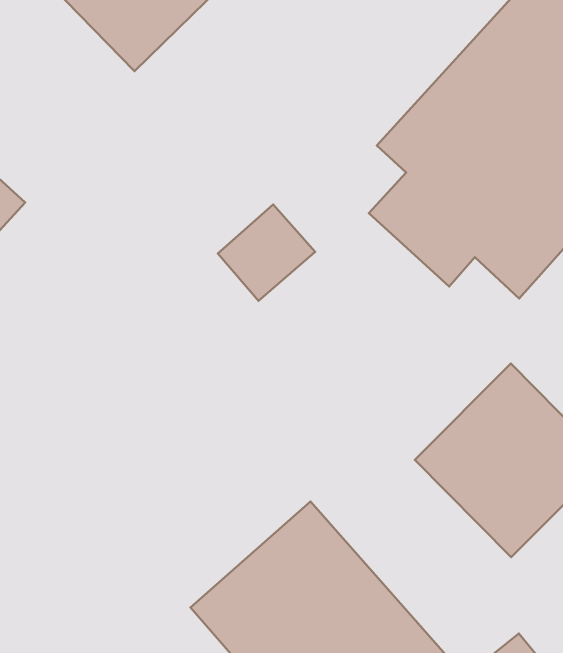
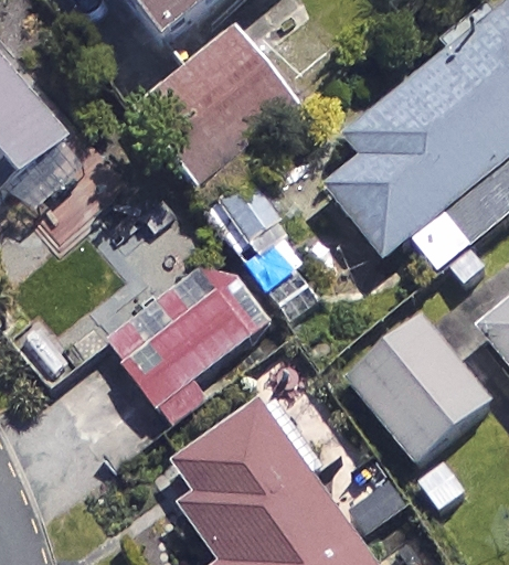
building: none -> [142,38,294,186]
building: none -> [123,281,257,408]

